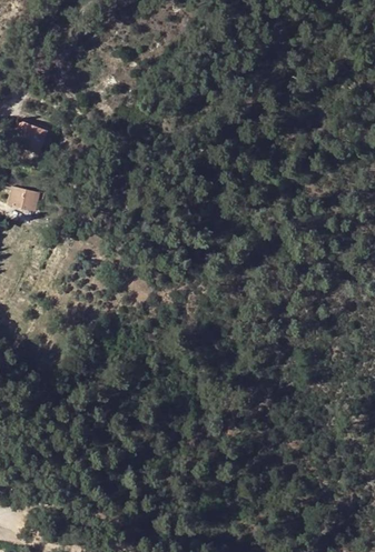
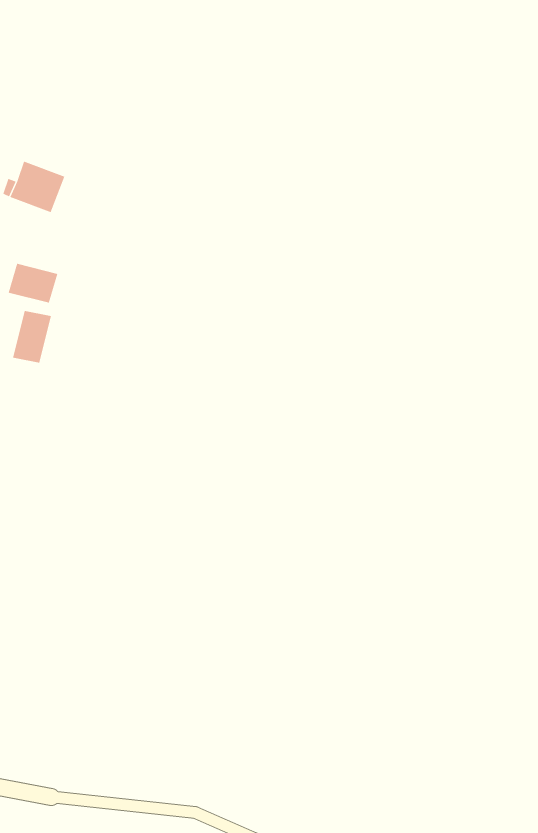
building: none -> [12,310,52,364]

